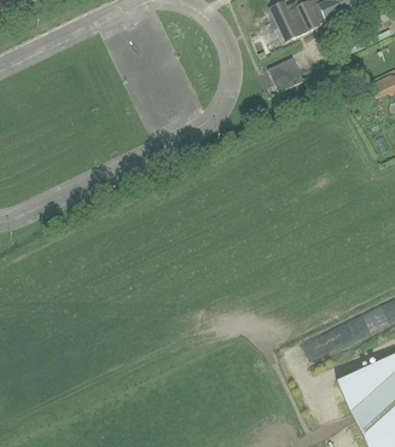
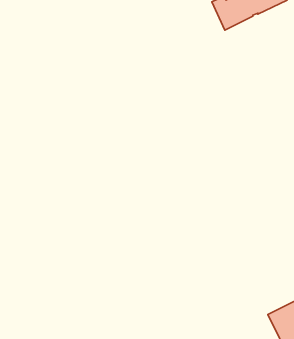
building: [267,56,302,91] -> none

